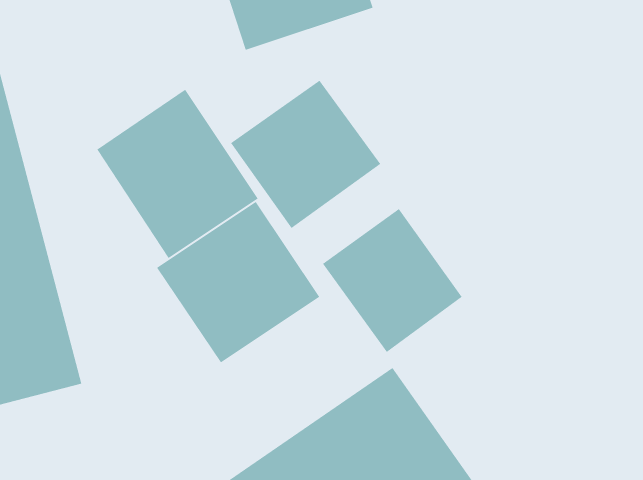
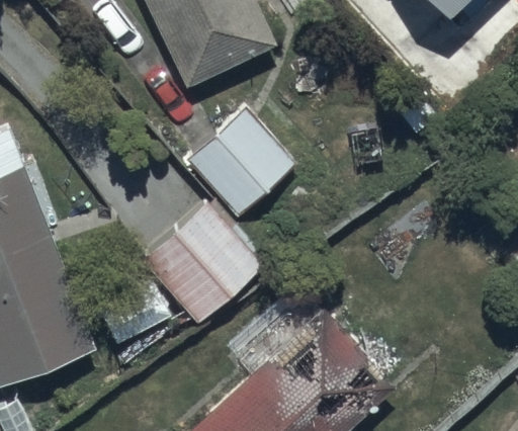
building: [97,89,259,259] -> none
building: [322,208,462,353] -> none

